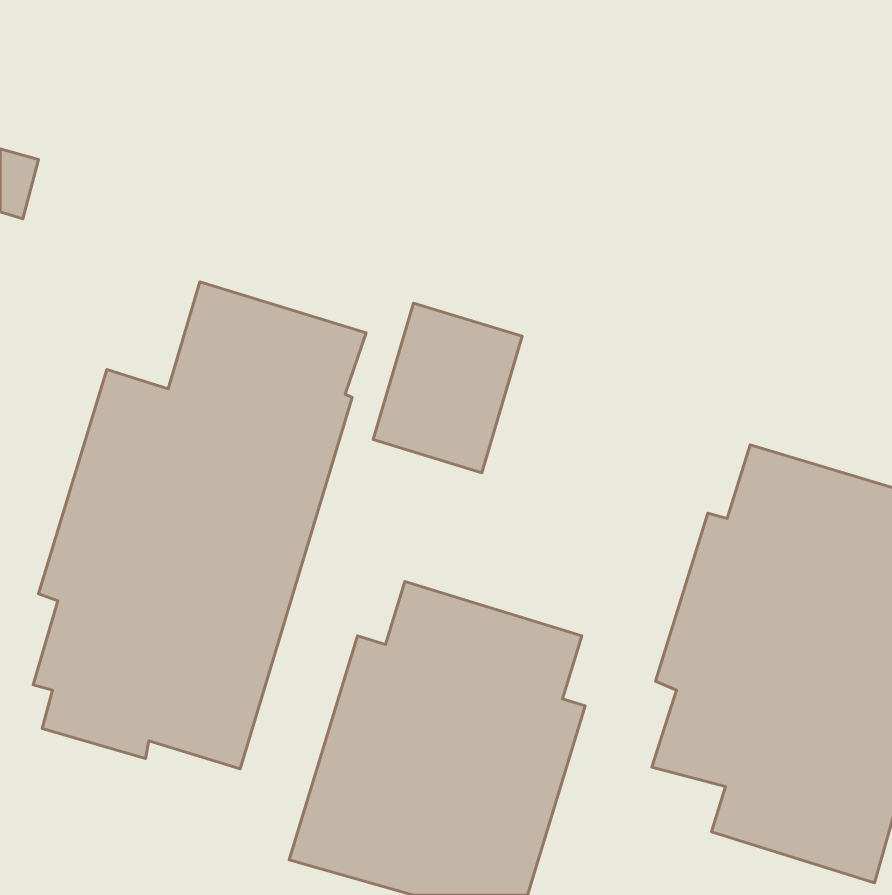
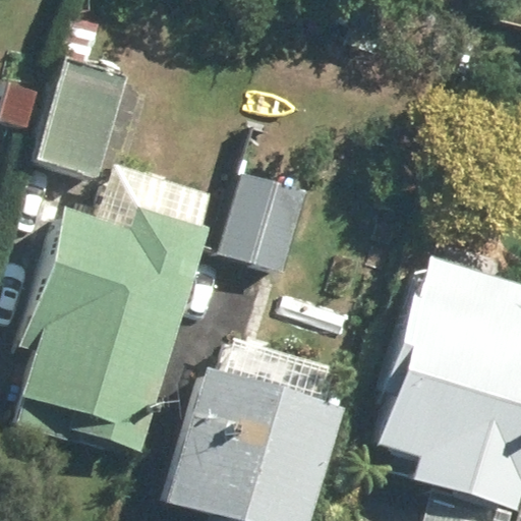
building: none -> [20,63,116,185]

